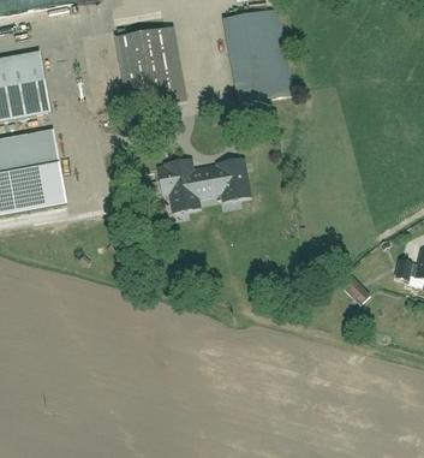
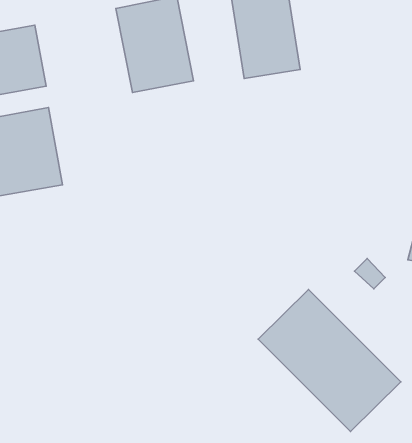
building: [156,155,246,207] -> none
building: none -> [258,289,401,431]

